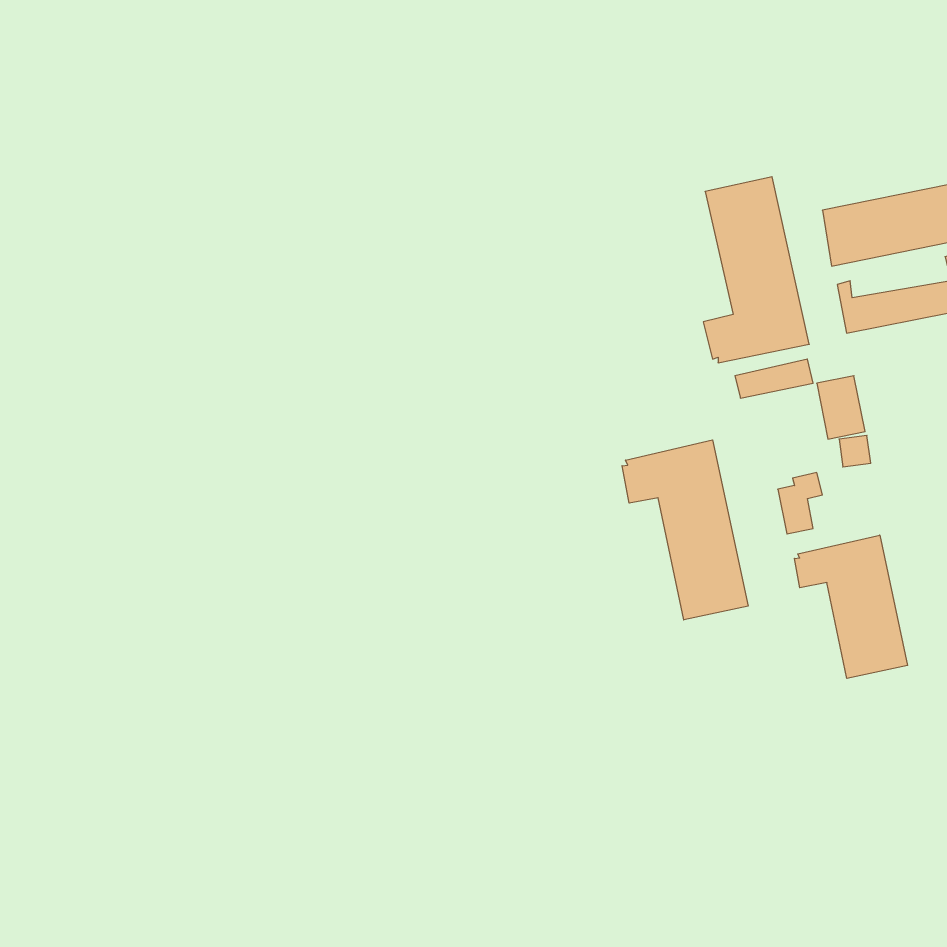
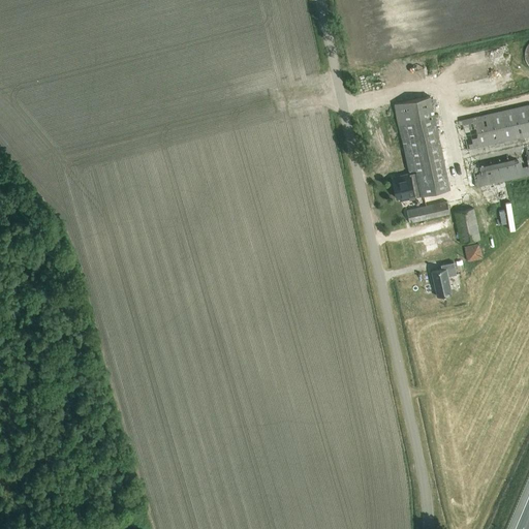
building: [622,440,748,620] -> none
building: [794,535,908,678] -> none

